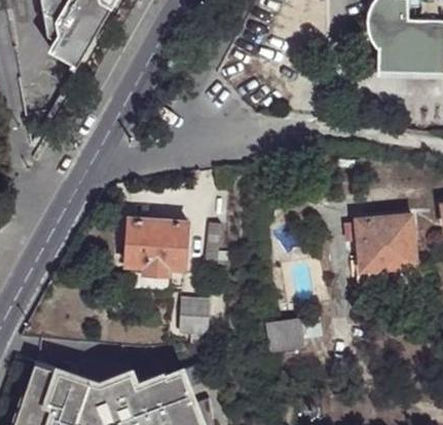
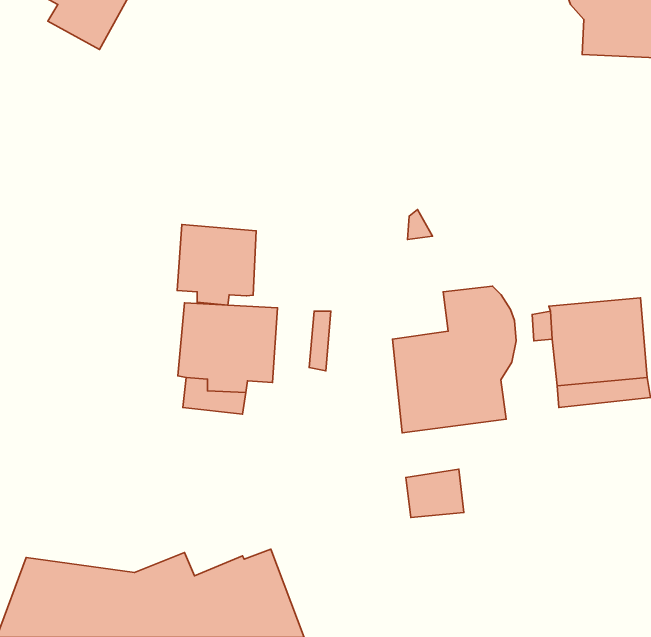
building: none -> [177,225,256,305]
building: none -> [392,286,516,433]
building: [180,299,210,332] -> none

